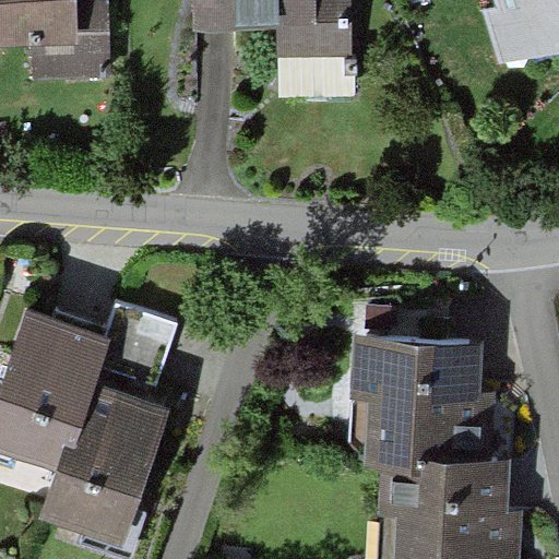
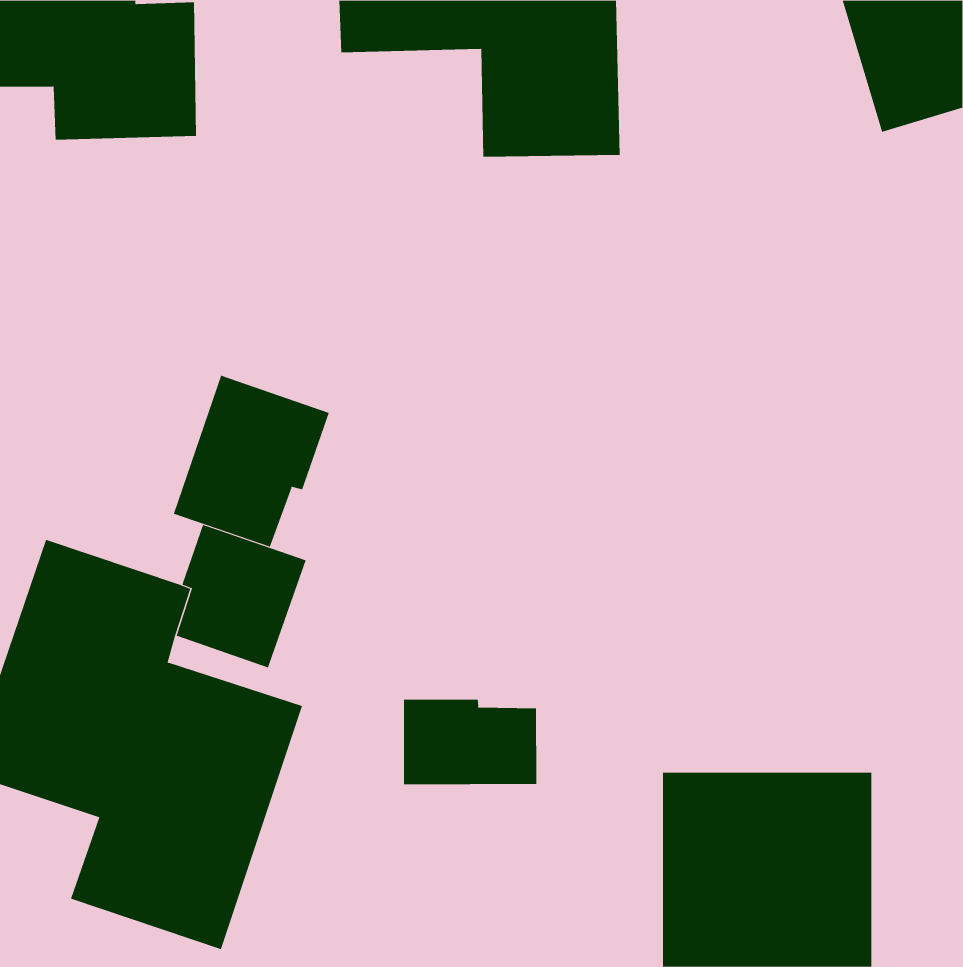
building: none -> [173,375,329,547]
building: [344,323,465,445] -> none
building: none -> [404,699,537,785]

